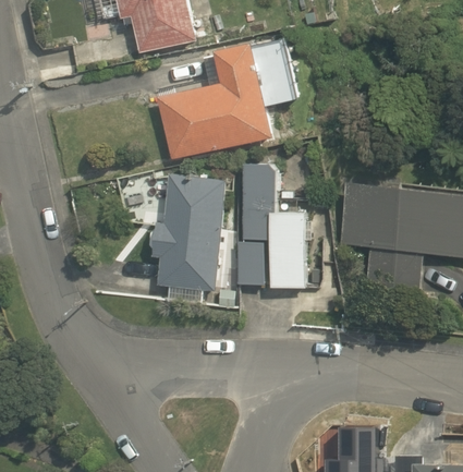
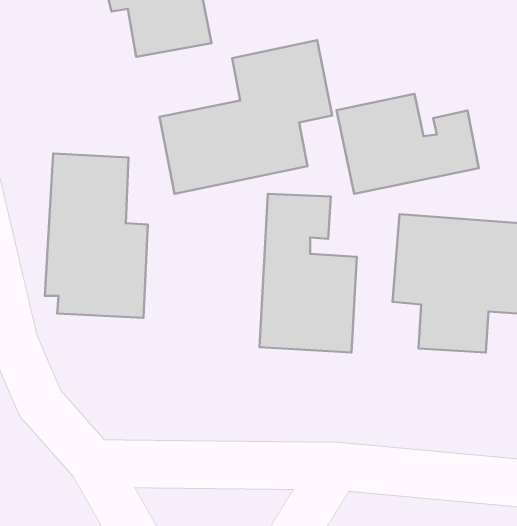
building: none -> [337,94,479,194]
building: [153,172,234,303] -> [45,153,148,318]

